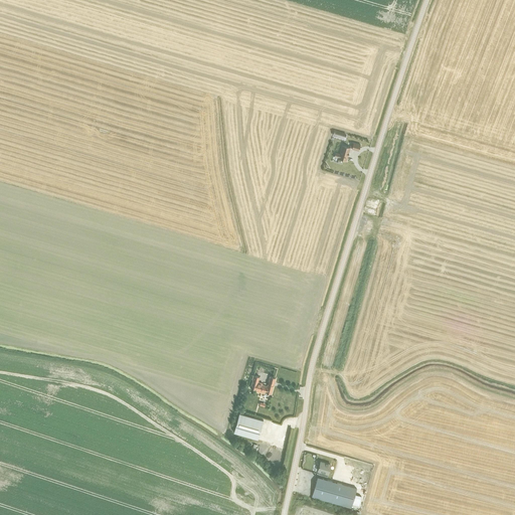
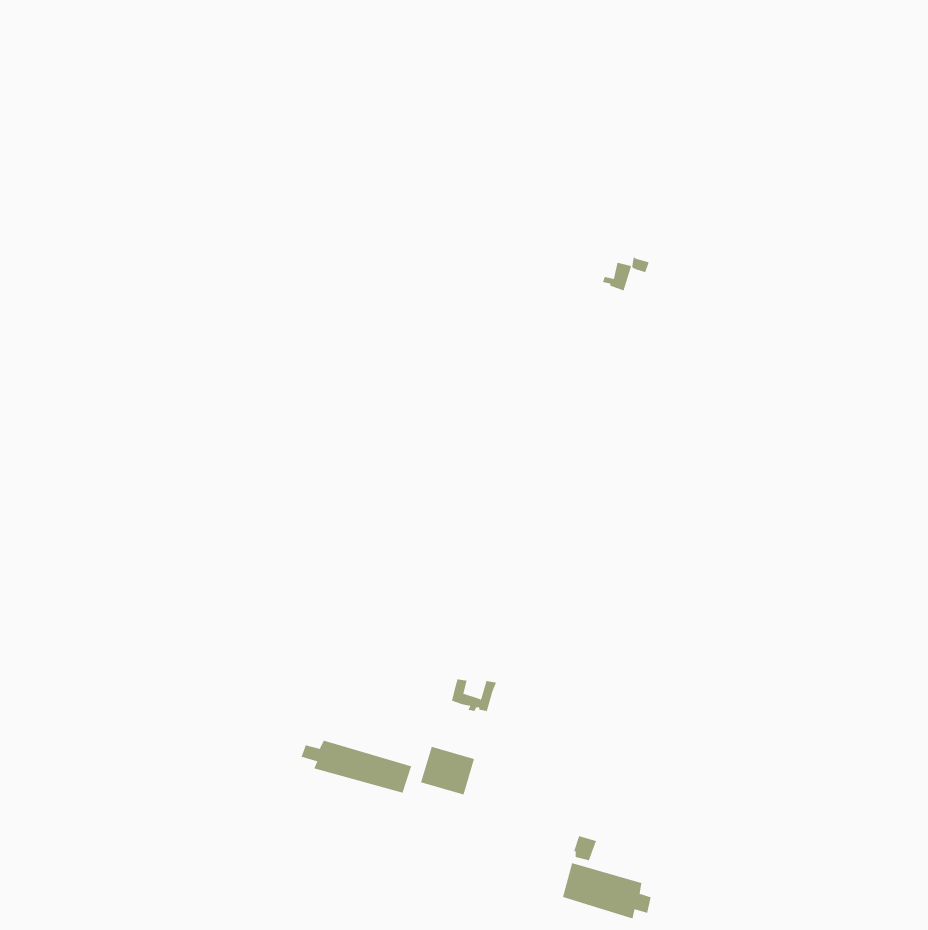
building: none -> [301,740,412,793]

